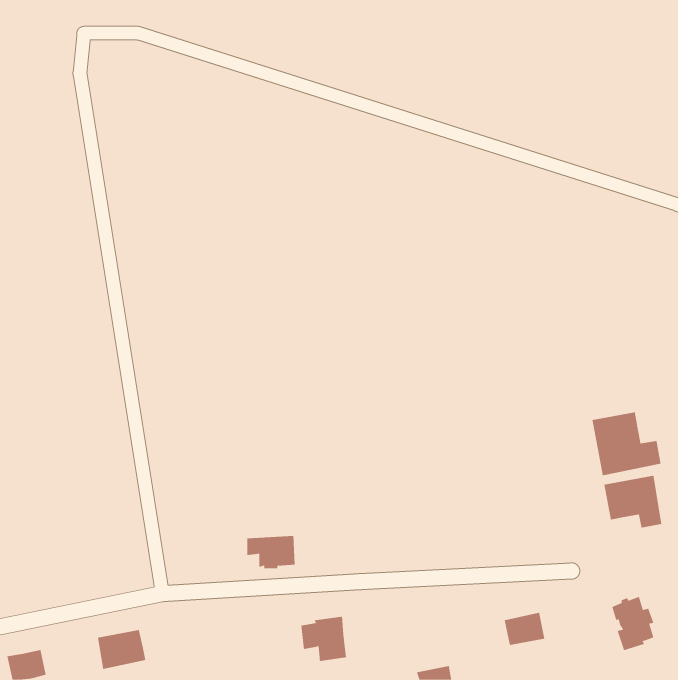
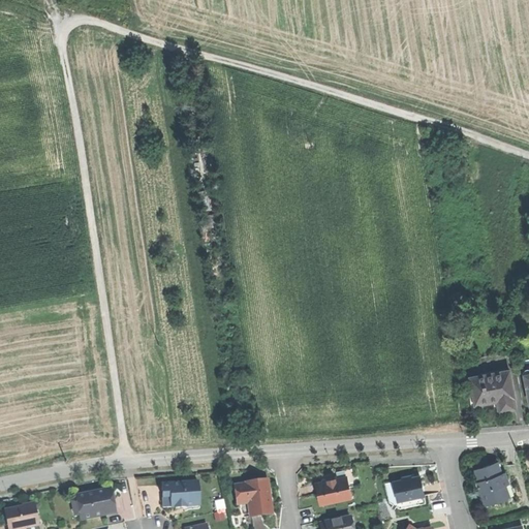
building: [592,411,661,476] -> none
building: [246,535,296,569] -> [160,481,198,507]
building: none -> [315,476,350,504]

